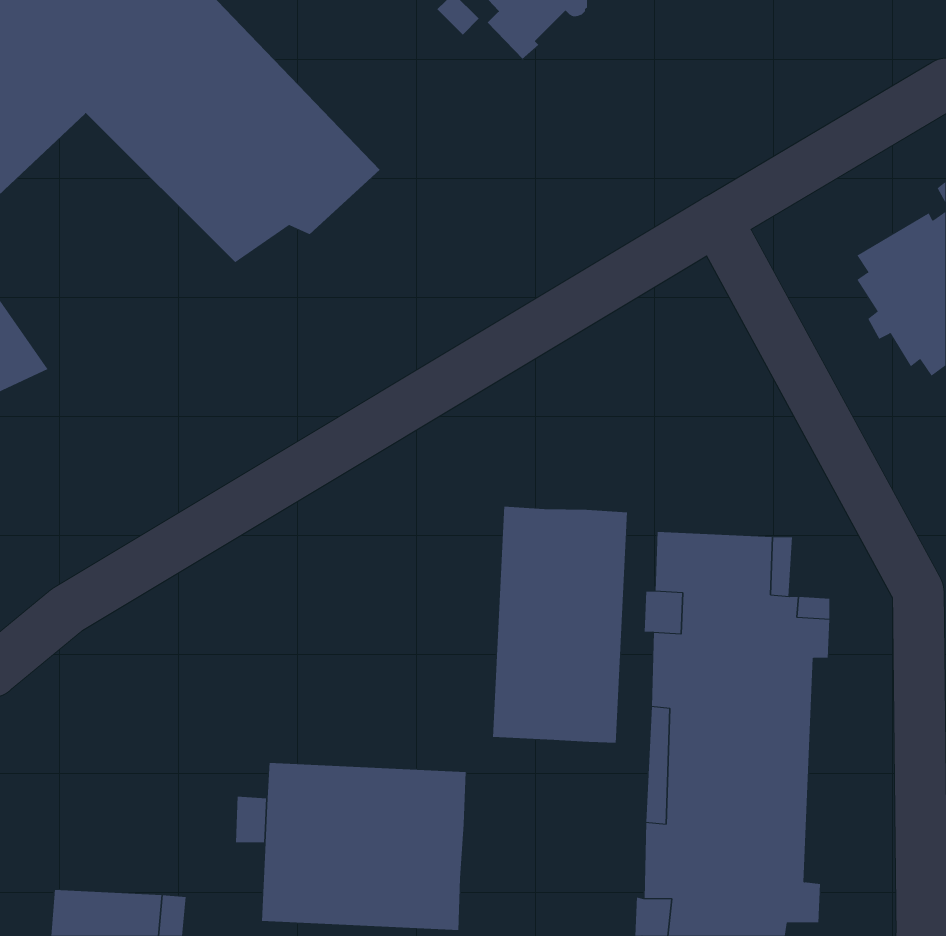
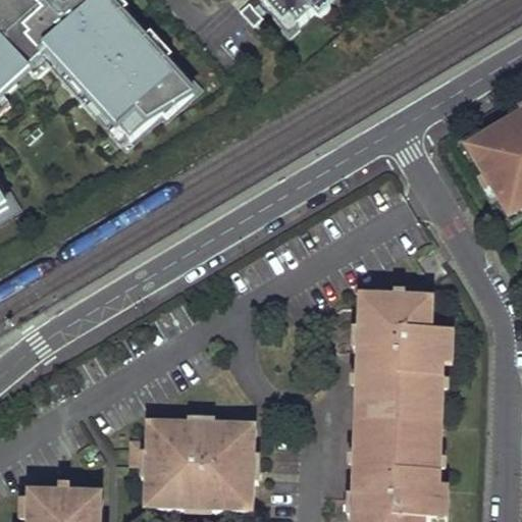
building: [493,506,627,743] -> none

